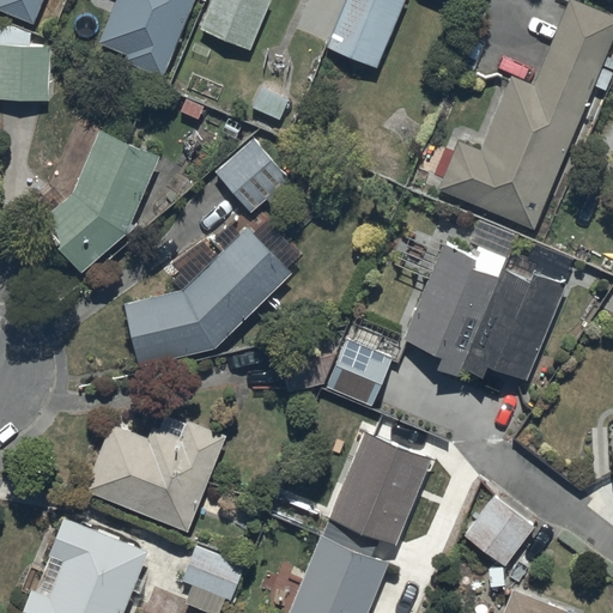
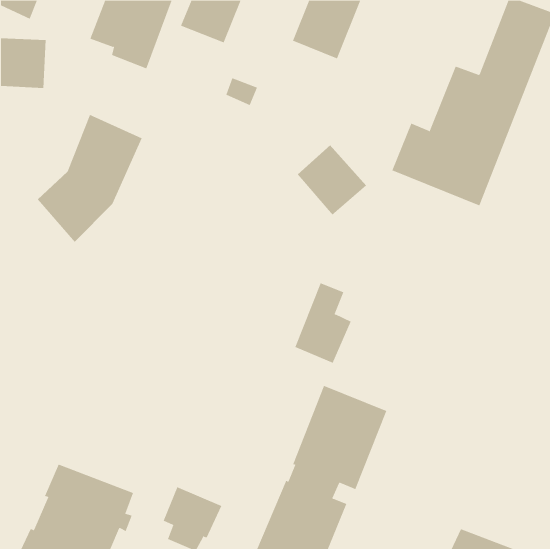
building: [216,139,293,218] -> [297,144,367,216]
building: [125,226,291,365] -> none
building: [403,244,566,382] -> none
building: [85,414,227,530] -> none
building: [463,496,536,568] -> none

